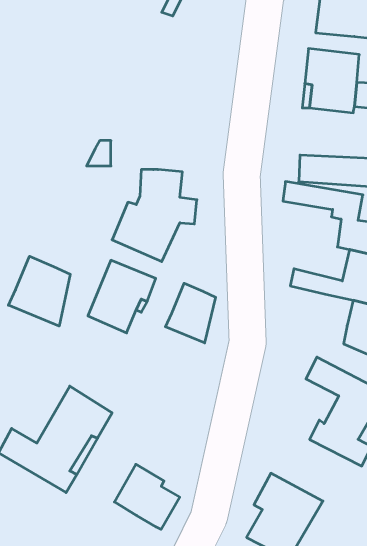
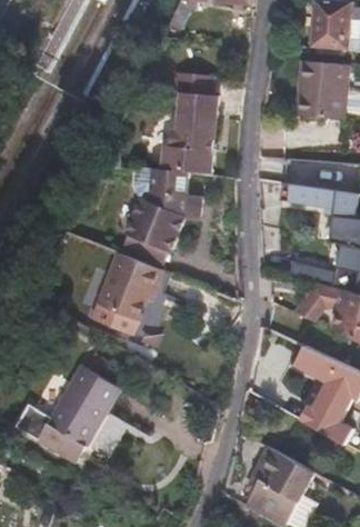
building: none -> [159,70,217,175]
building: [8,256,70,326] -> none
building: [165,283,216,343] -> none
building: none -> [296,285,342,322]
building: [114,464,180,529] -> none

